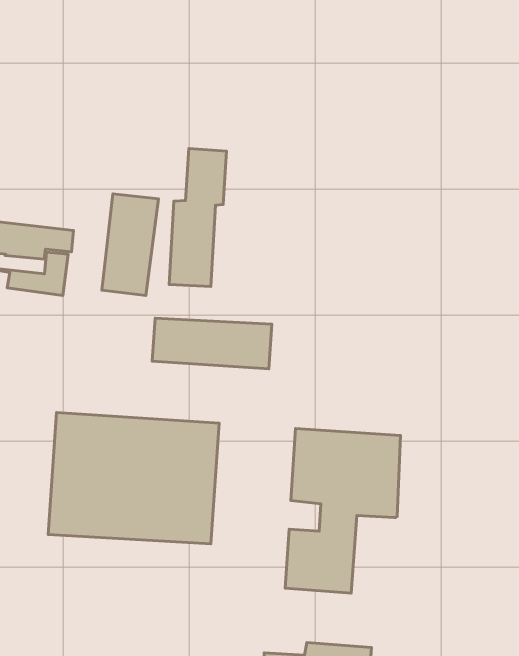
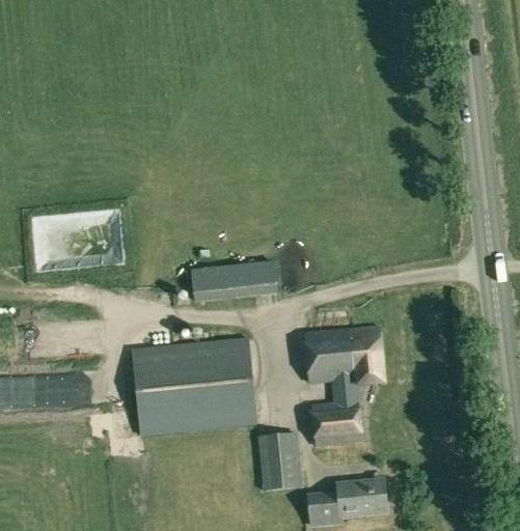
building: [169,149,227,287] -> none
building: [102,194,158,295] -> none
building: none -> [257,432,303,491]

